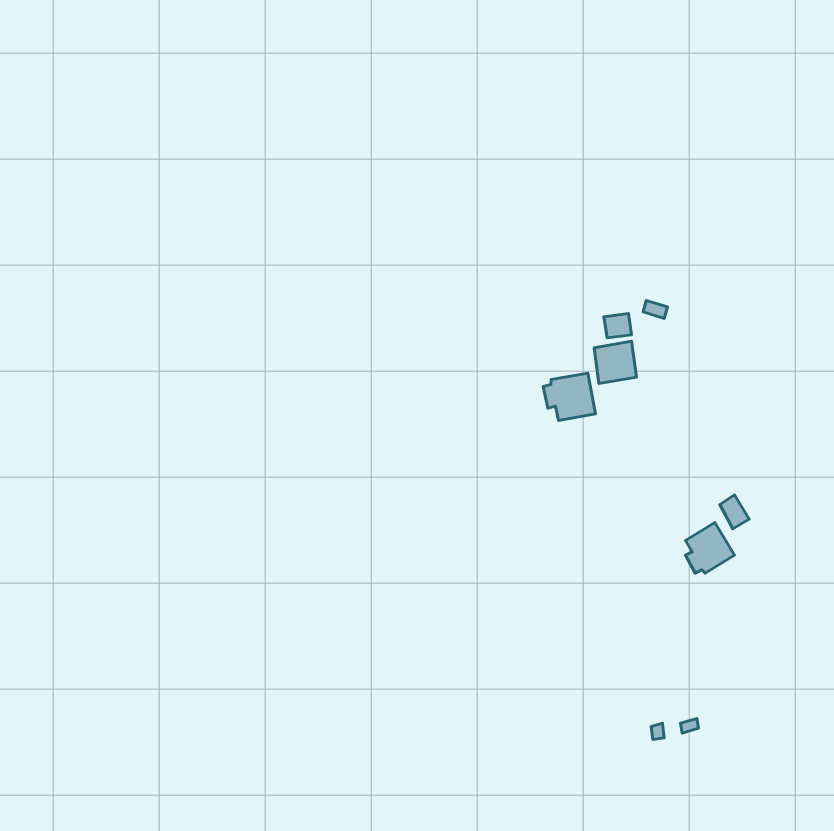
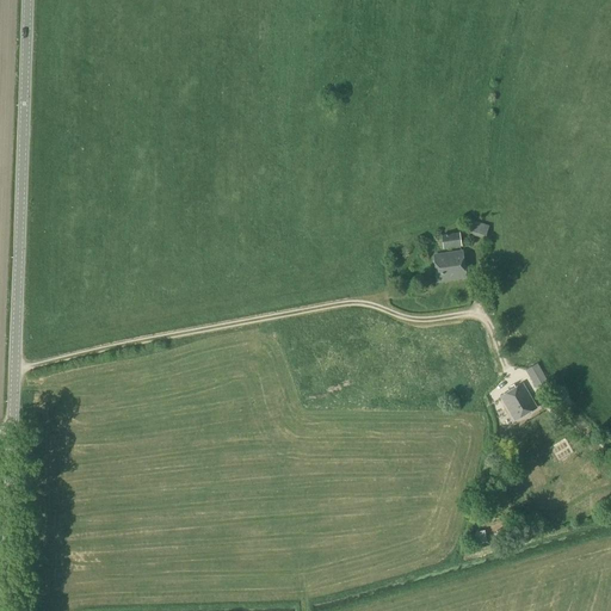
building: [543,373,595,420] -> none

